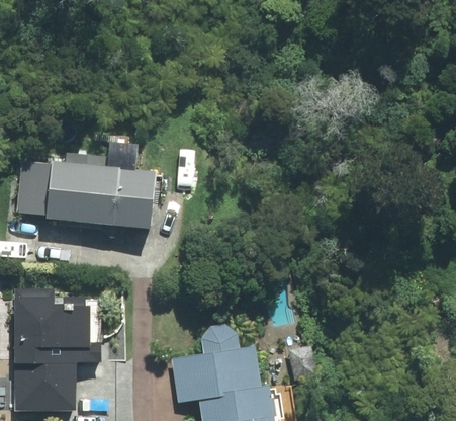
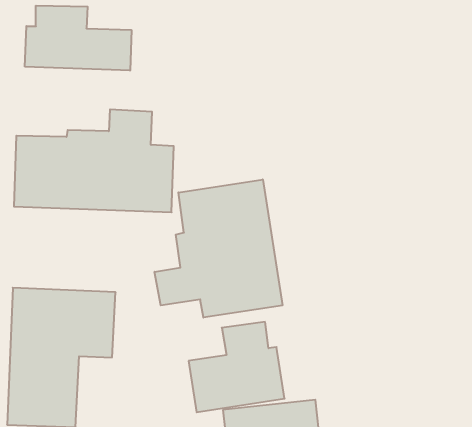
building: none -> [25,6,131,71]
building: none -> [155,179,282,318]

